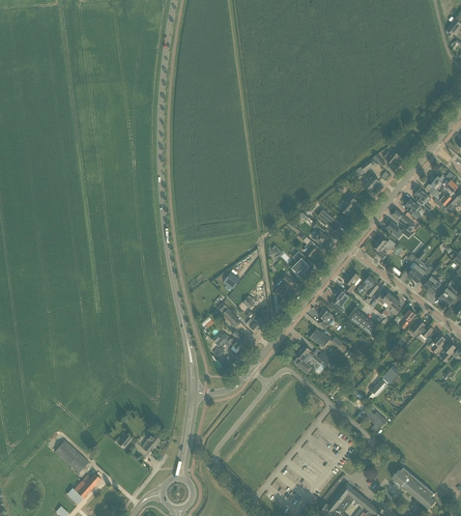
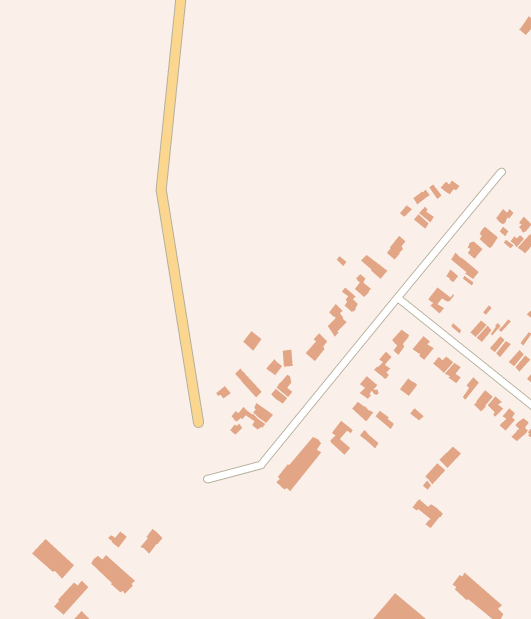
building: none -> [276,436,322,492]
building: none -> [90,554,136,595]

